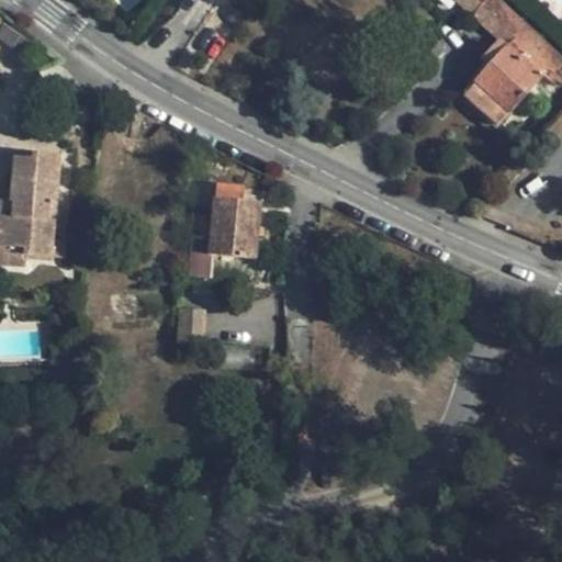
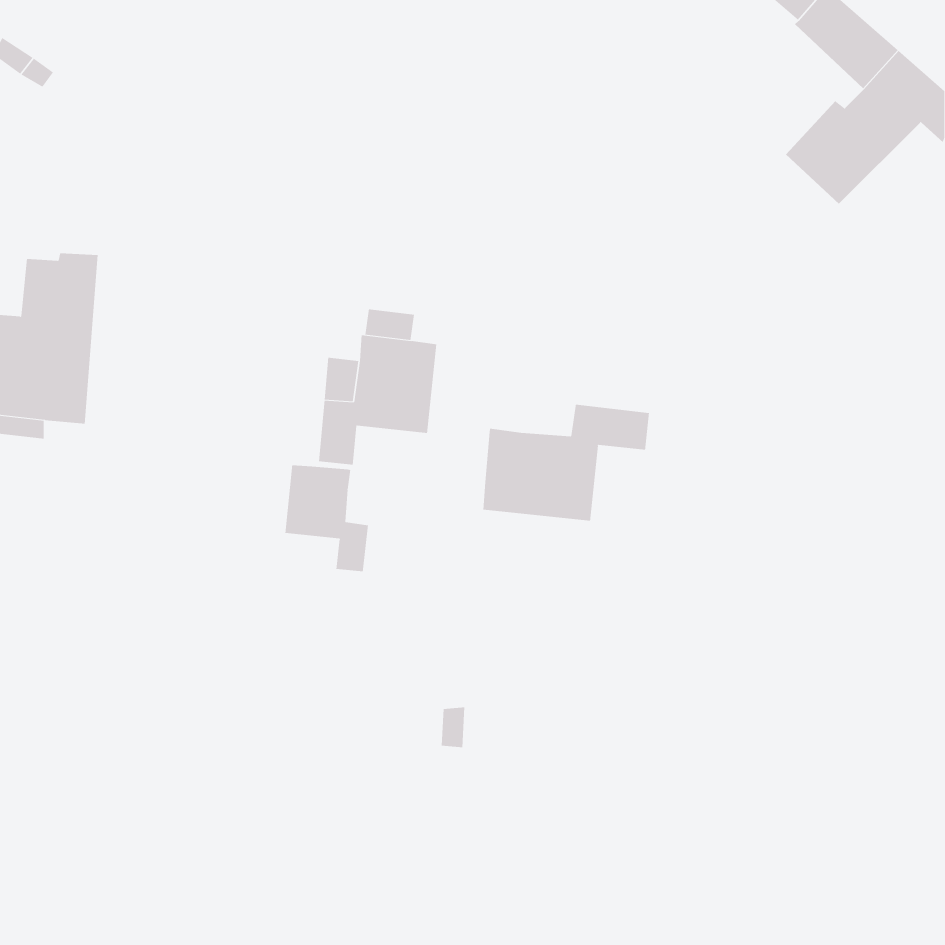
building: none -> [483,404,649,522]
building: none -> [285,464,369,572]

